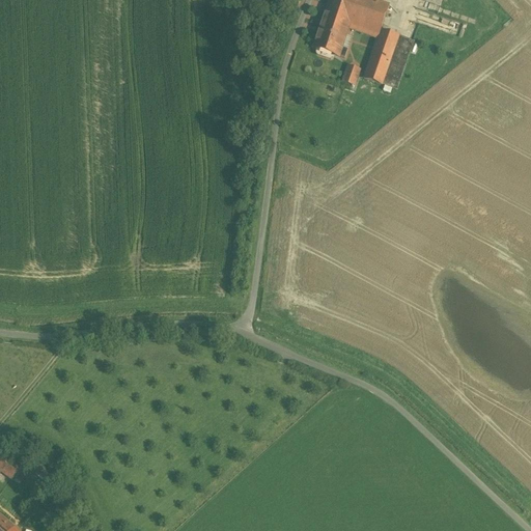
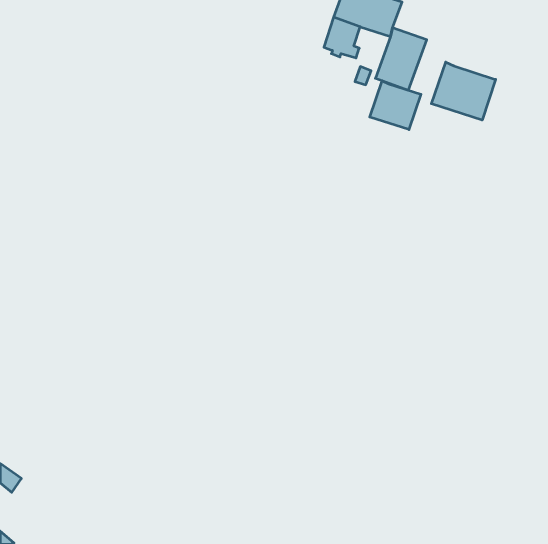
building: none -> [431,62,496,120]
building: none -> [370,81,421,130]

